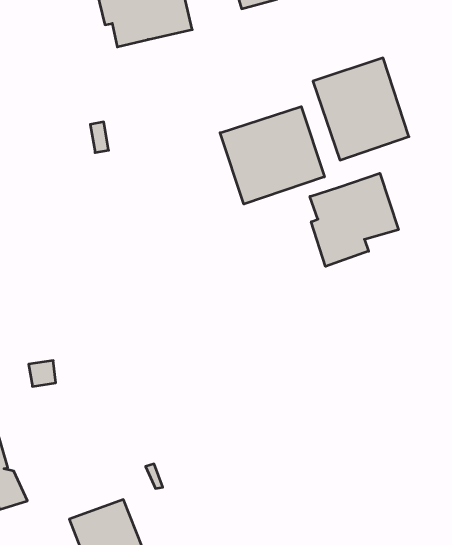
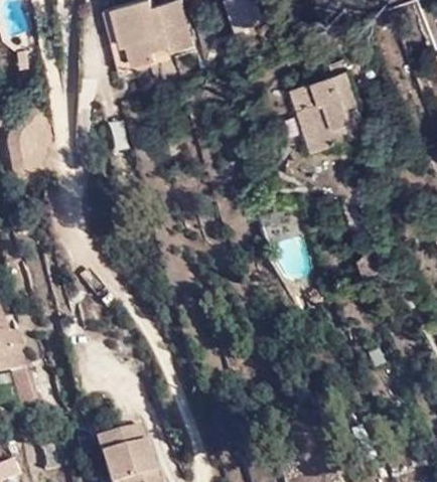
building: [220,107,324,204] -> none
building: [310,173,398,266] -> none

